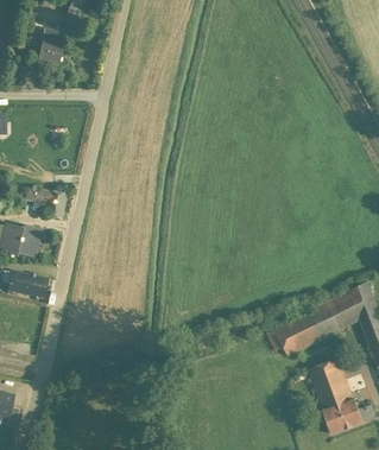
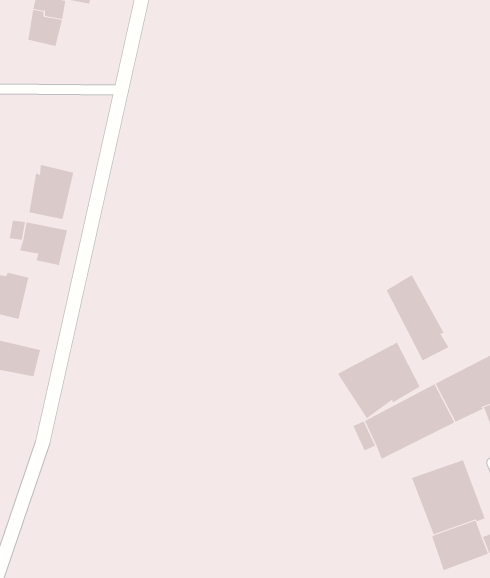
building: none -> [29,164,74,220]
building: none -> [386,274,449,361]
building: none -> [337,342,421,419]

